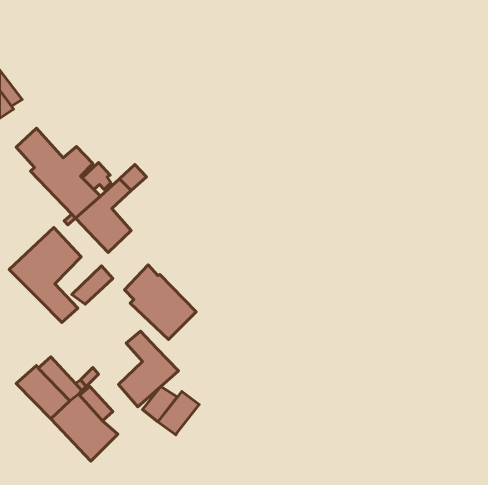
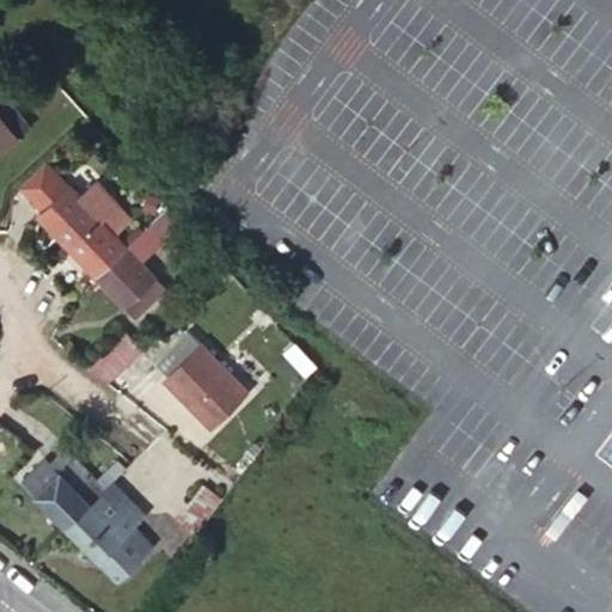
building: [9,227,81,322] -> none
building: [119,331,178,407] -> none
building: [158,391,199,435] -> none

